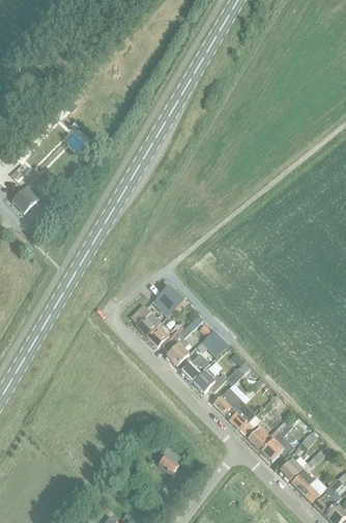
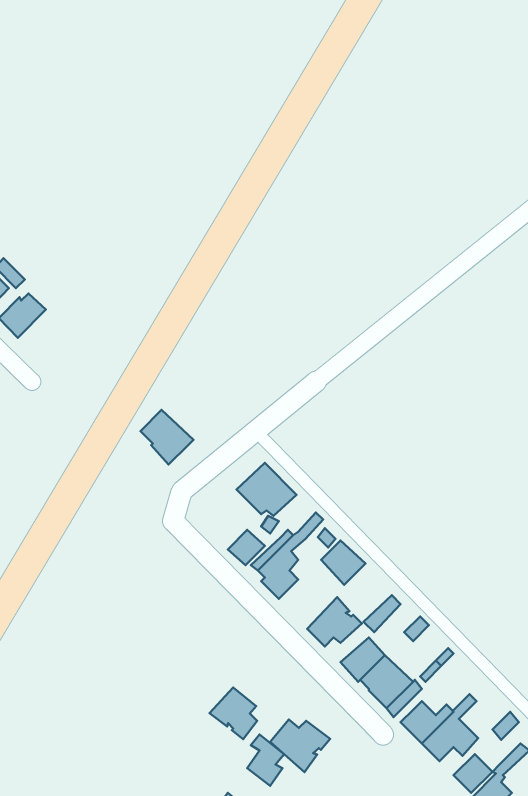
building: [131,304,162,336] -> [140,410,193,465]
building: [178,353,209,381] -> none
building: none -> [209,688,257,739]
building: none -> [270,719,330,772]

